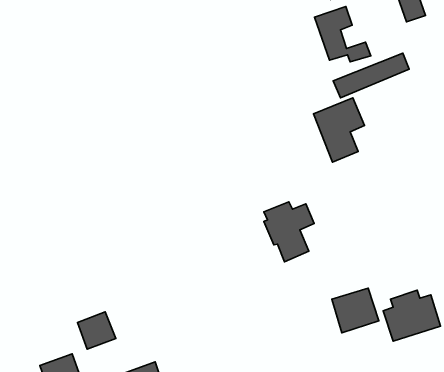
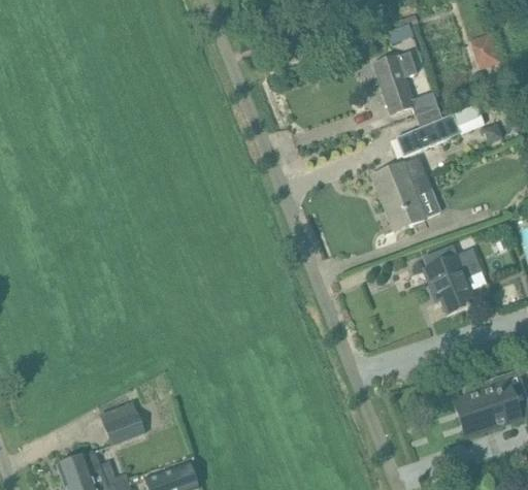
building: [264,202,314,262] -> [423,246,481,315]
building: [332,288,379,333] -> none

